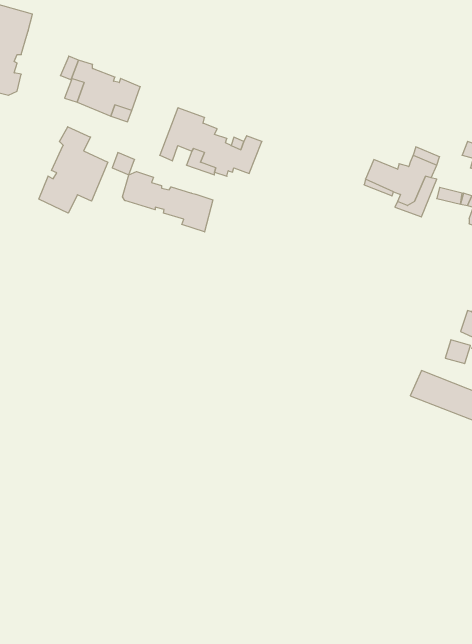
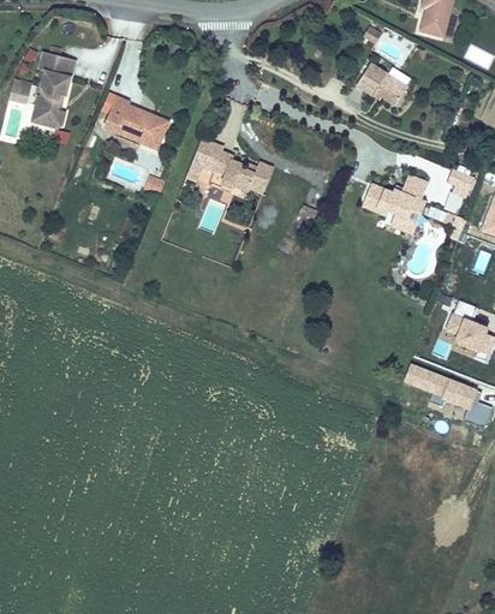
building: none -> [356,62,408,106]
building: [39,127,108,213] -> none
building: [122,172,213,232] -> none

